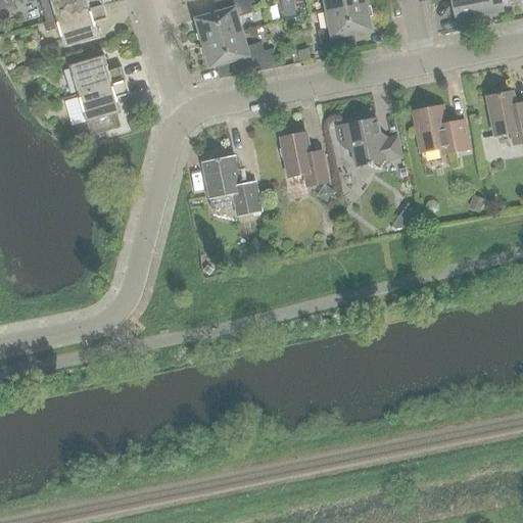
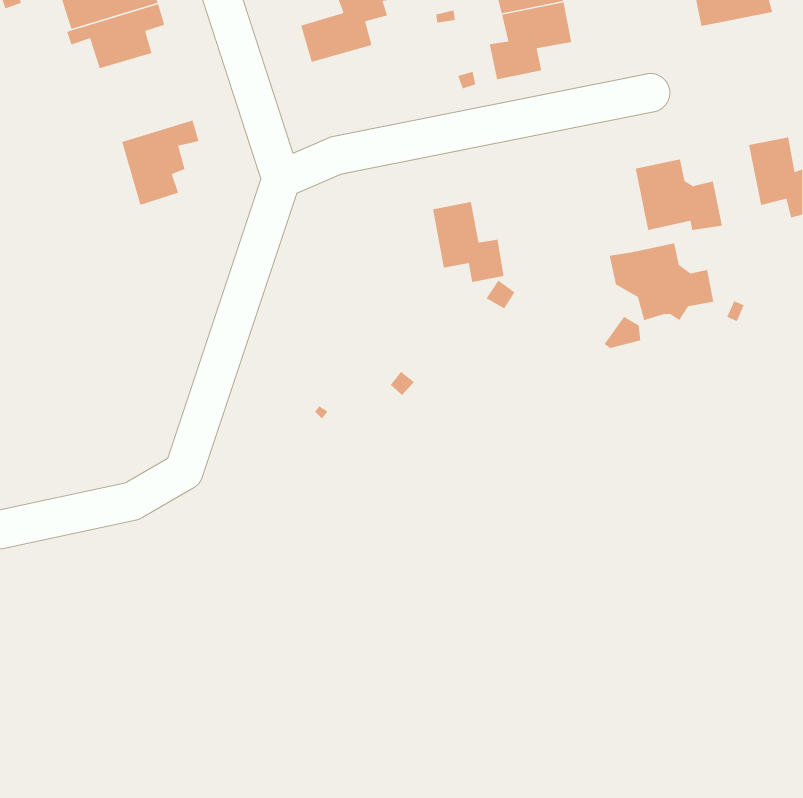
building: [202,30,279,72] -> none
building: [69,53,126,92] -> none
building: [333,116,401,168] -> [609,243,714,321]
building: [202,153,262,213] -> none

